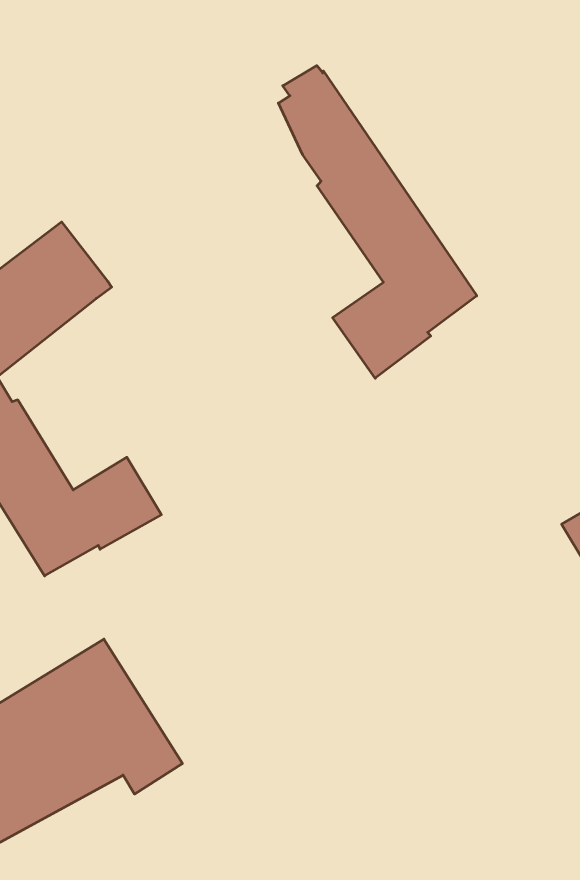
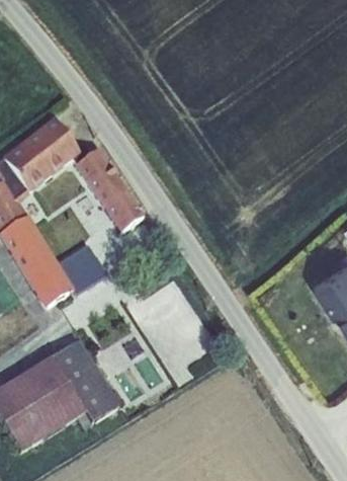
building: [278,66,477,378] -> none
building: none -> [73,146,143,231]

